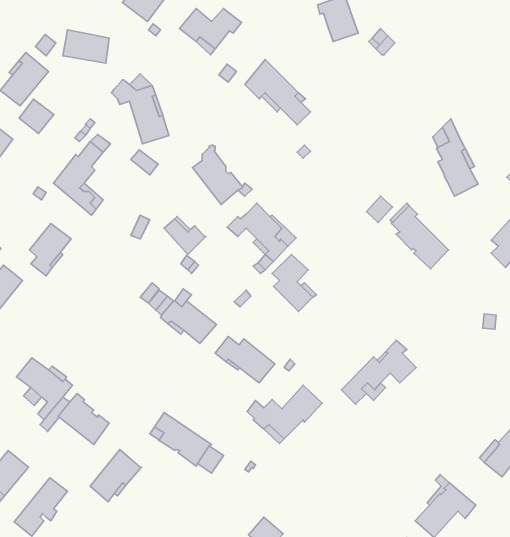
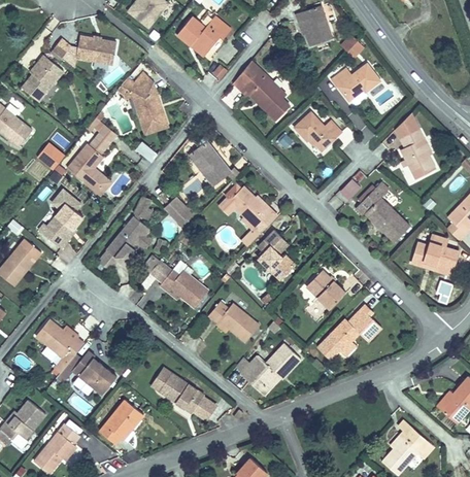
building: none -> [331,64,379,101]
building: [19,99,54,134] -> [35,140,65,170]
building: none -> [294,112,341,150]
building: none -> [98,215,152,270]
building: none -> [411,235,458,275]
building: none -> [305,270,345,309]

